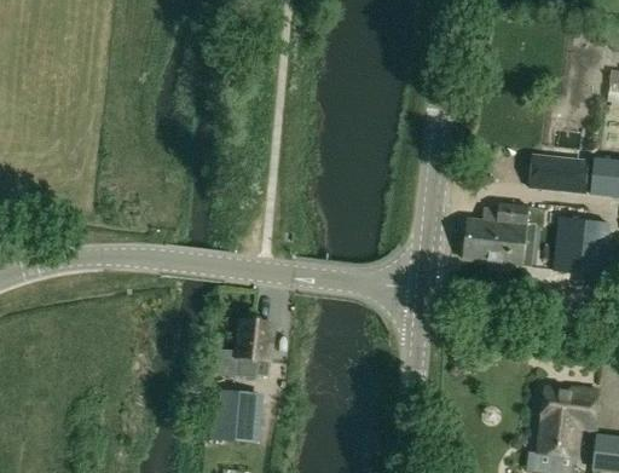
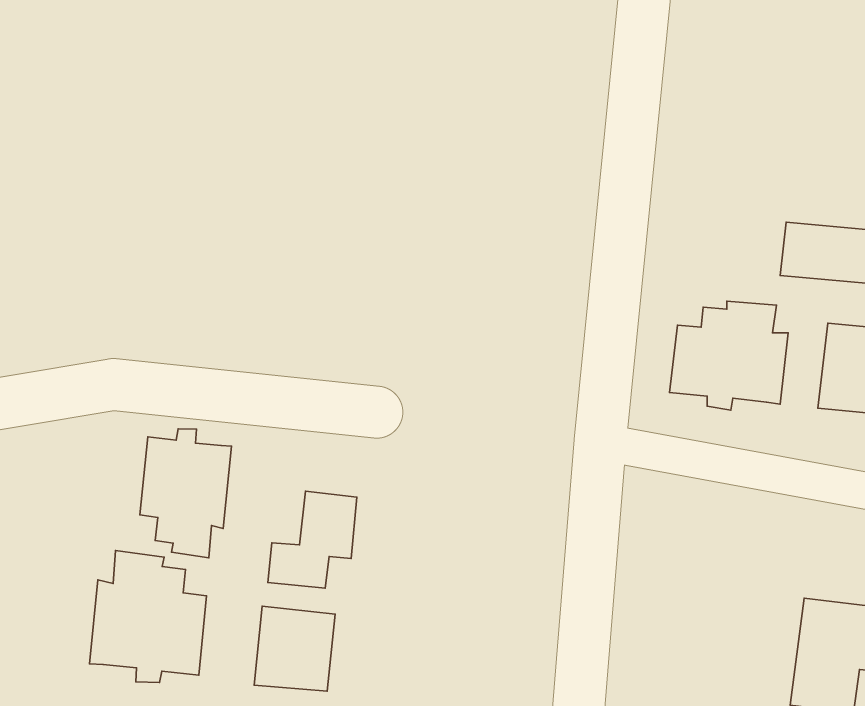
building: none -> [140,429,232,558]
building: none -> [90,551,206,683]

